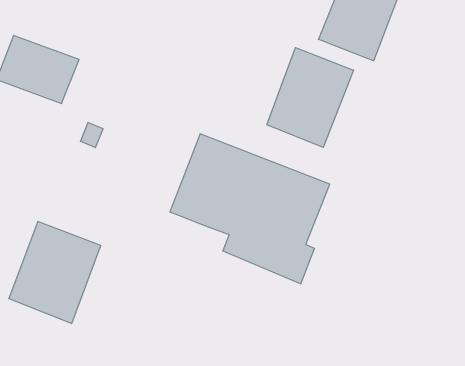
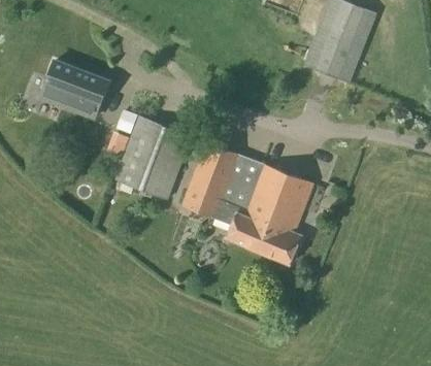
building: [267,48,354,147] -> none
building: [9,222,101,324] -> [115,117,191,200]

